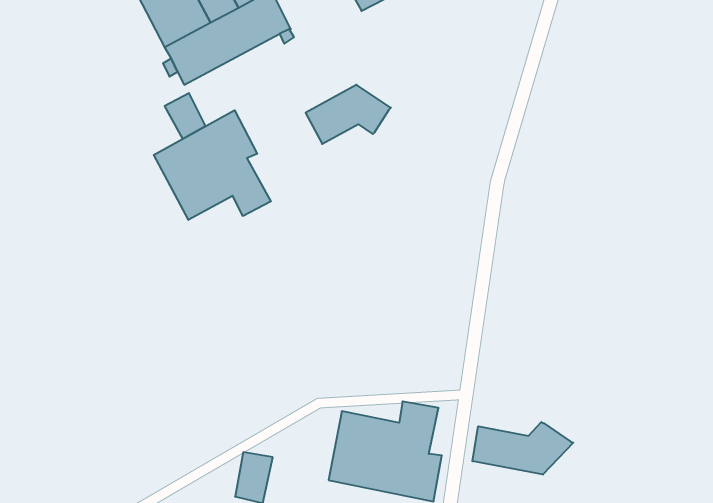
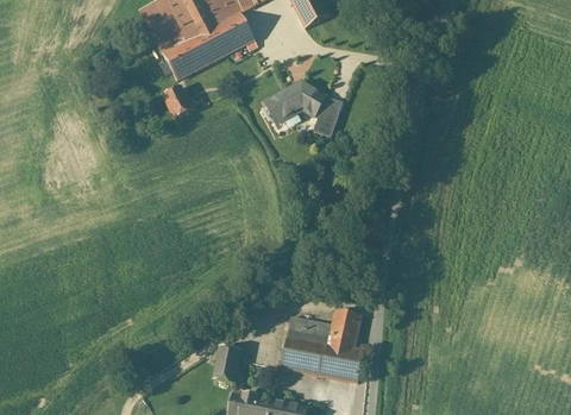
building: none -> [313,99,341,137]
building: [154,110,271,220] -> none
building: [472,422,573,475] -> none

